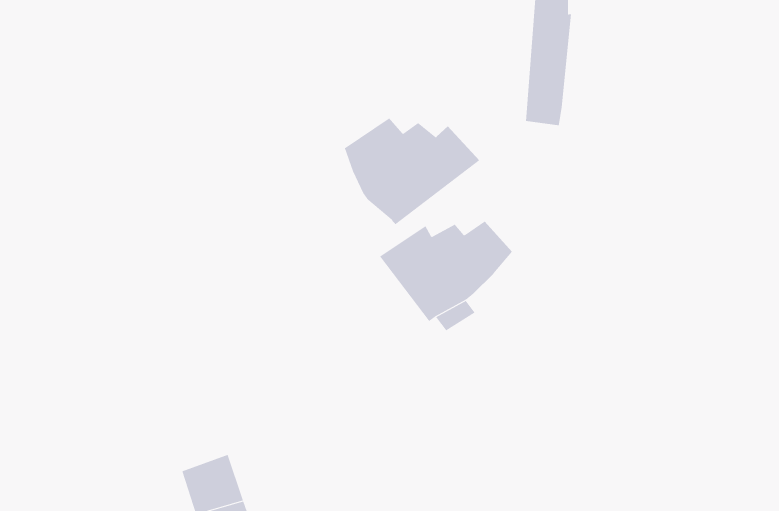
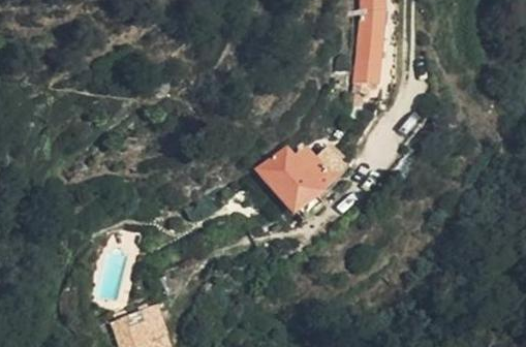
building: [344,117,480,225] -> none

